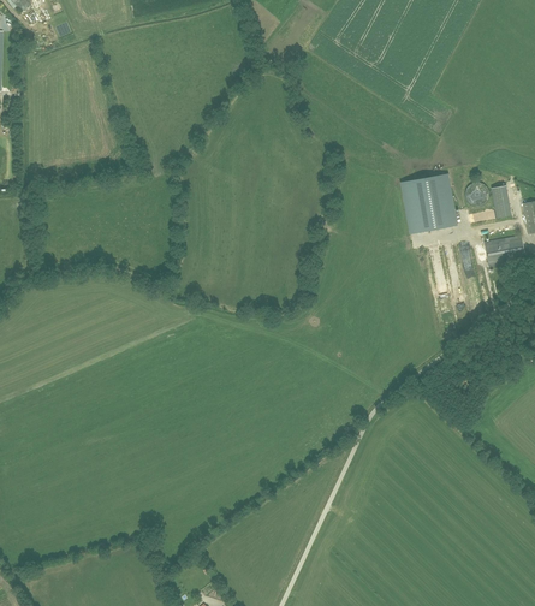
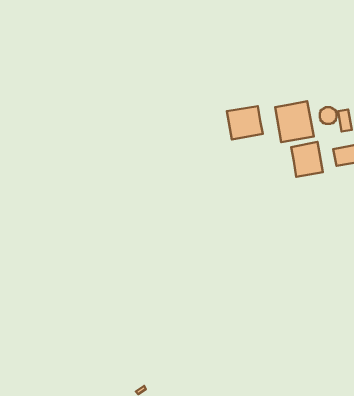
building: none -> [227,106,263,140]
building: none -> [291,142,323,177]

